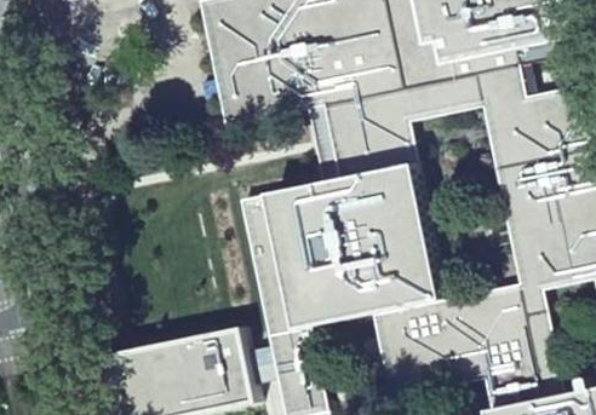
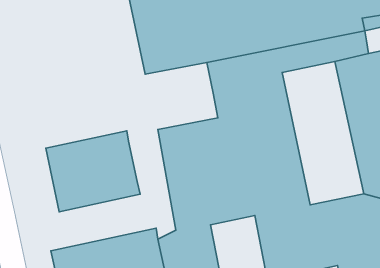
building: none -> [46,131,140,212]

